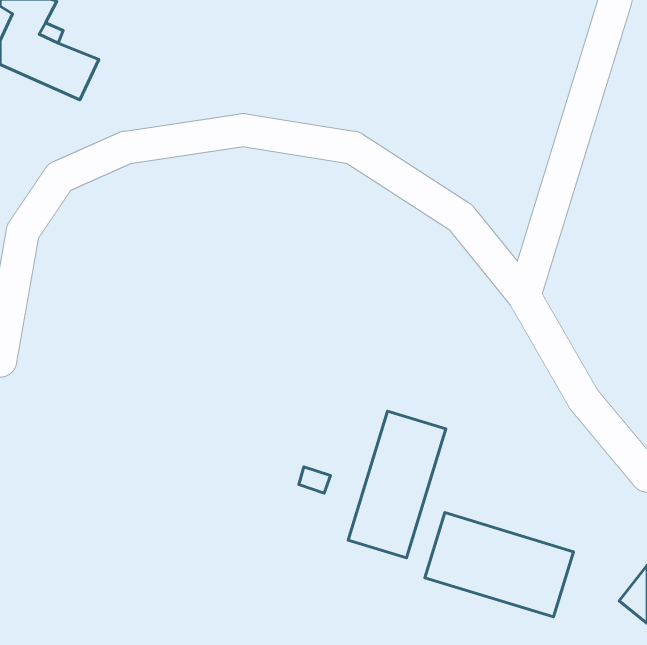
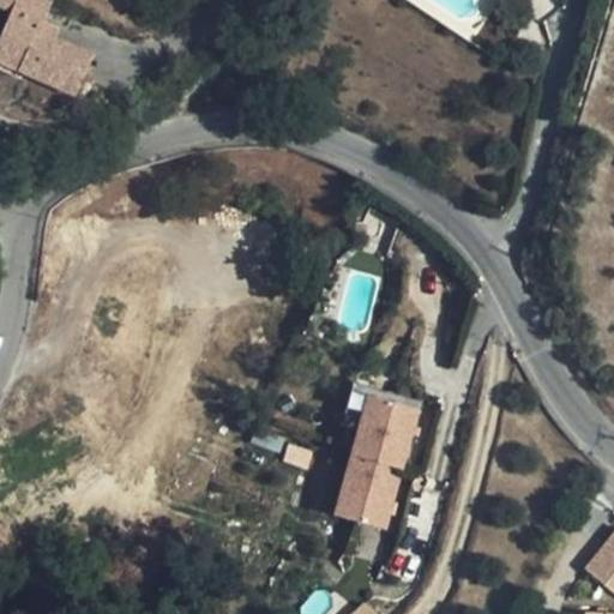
building: [425,513,573,617] -> none

